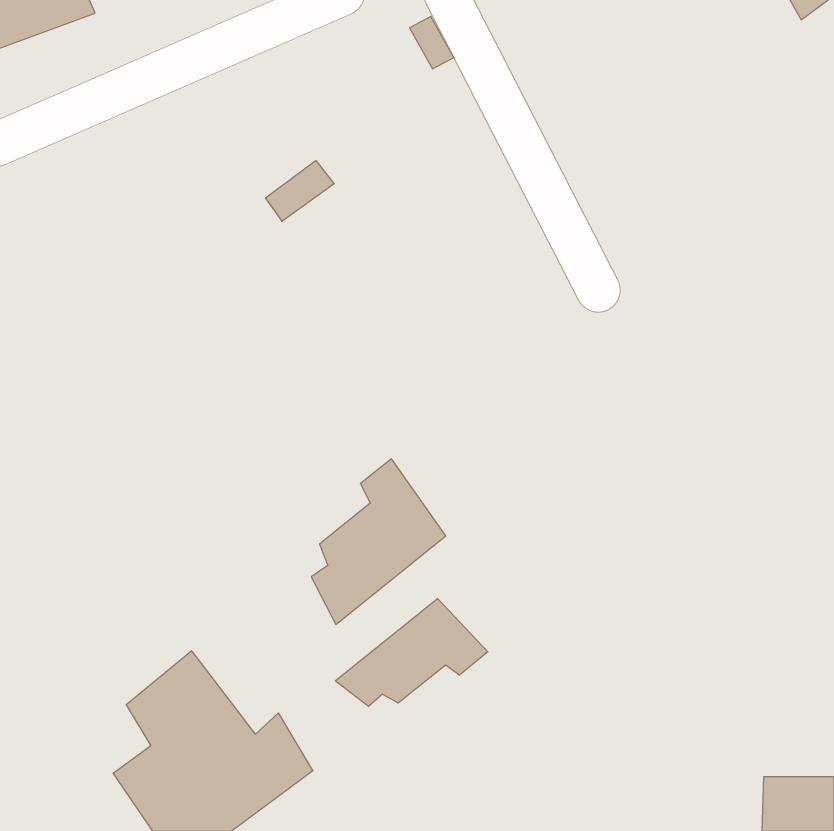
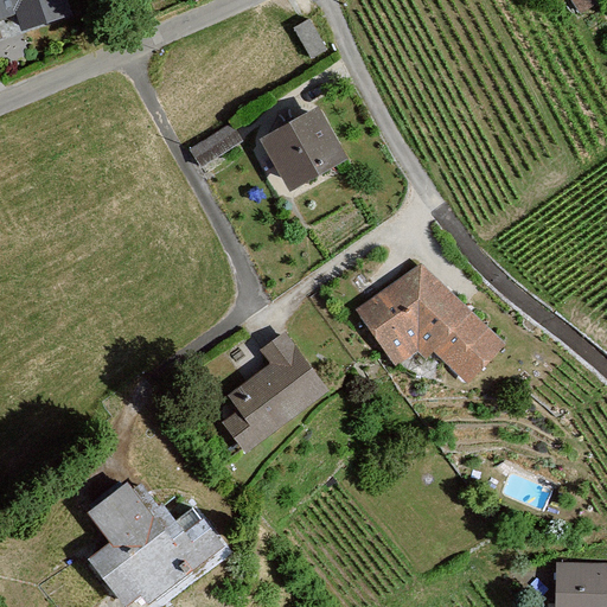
building: none -> [263,110,351,194]
building: none -> [347,262,500,381]
building: [335,598,488,707] -> none

